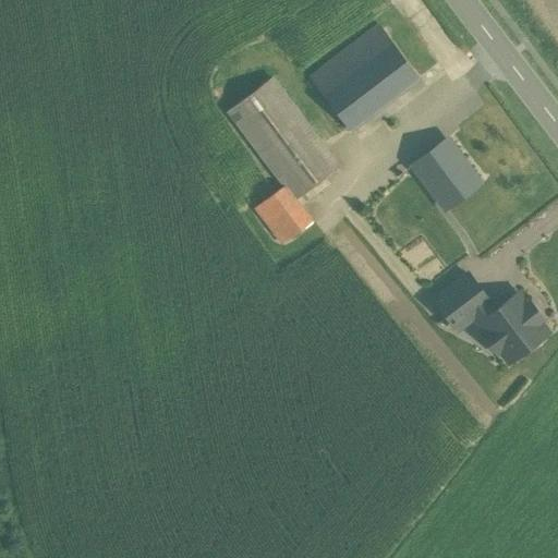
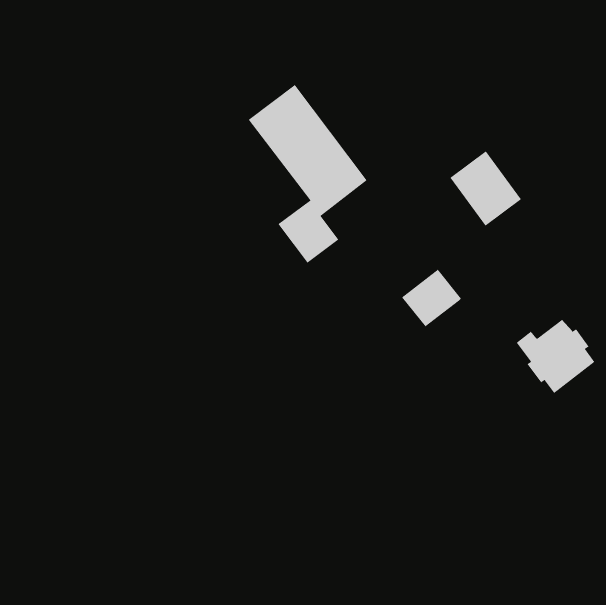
building: [310,26,420,131] -> none
building: [435,276,490,329] -> [401,269,462,327]

